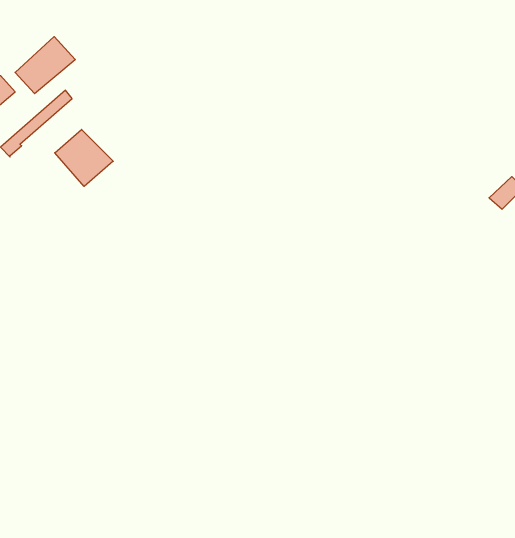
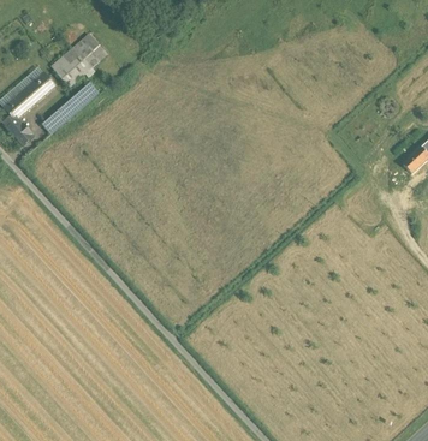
building: [55,129,113,186] -> none

